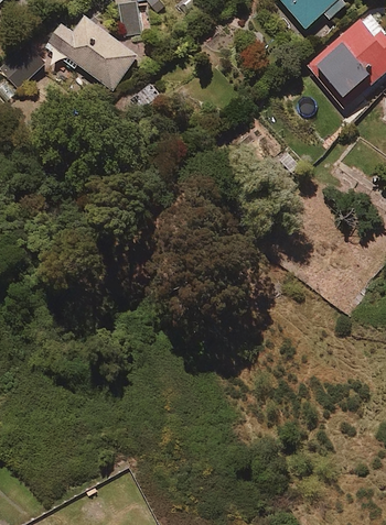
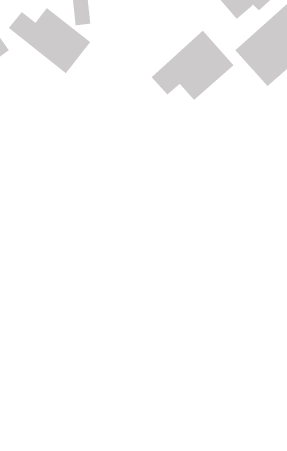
building: none -> [151,30,234,101]

